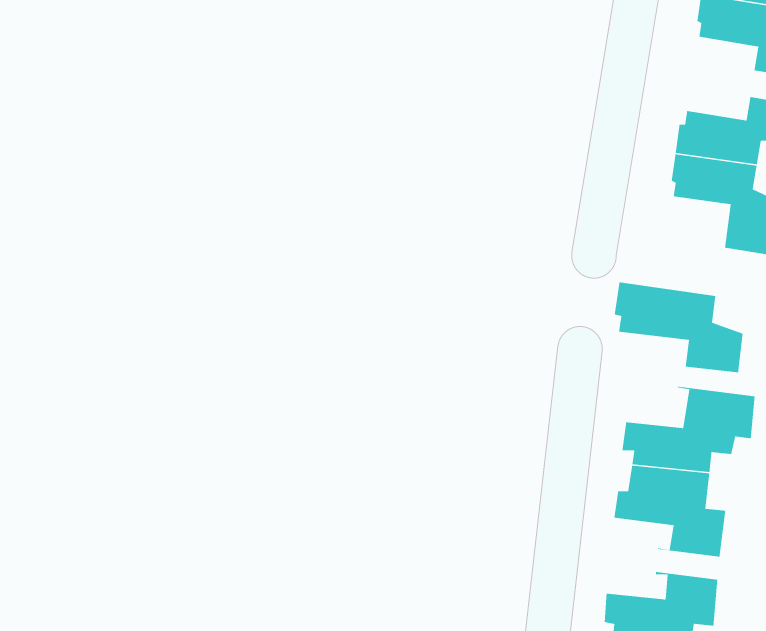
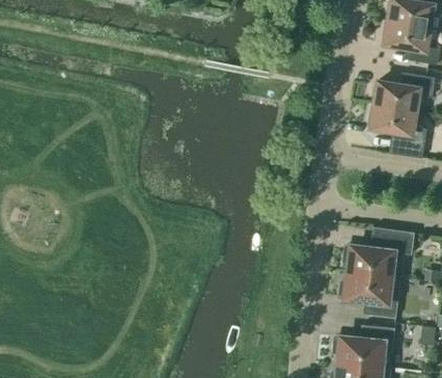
building: [614,282,743,373] -> none

